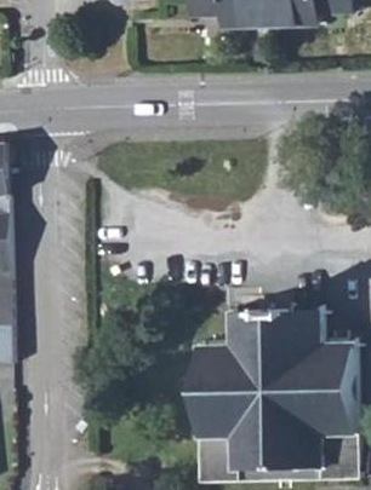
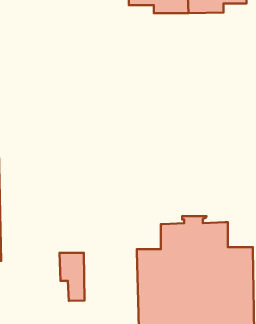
building: none -> [60,253,85,301]

